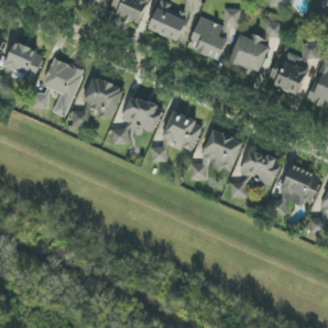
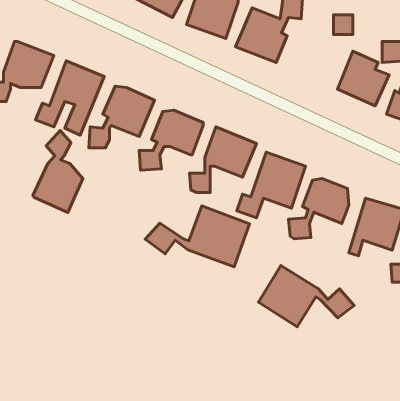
building: [228,34,269,78] -> none
building: none -> [33,131,83,213]
building: none -> [145,206,250,267]
building: none -> [259,265,354,327]

